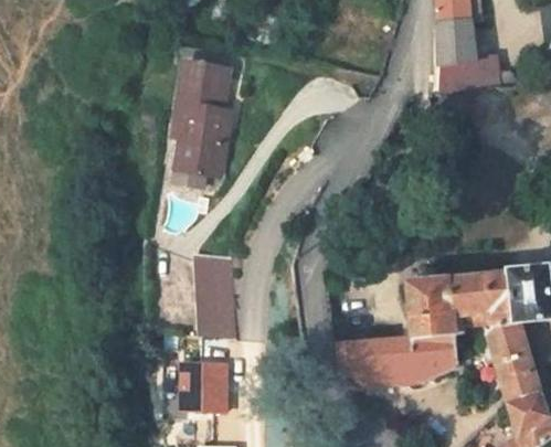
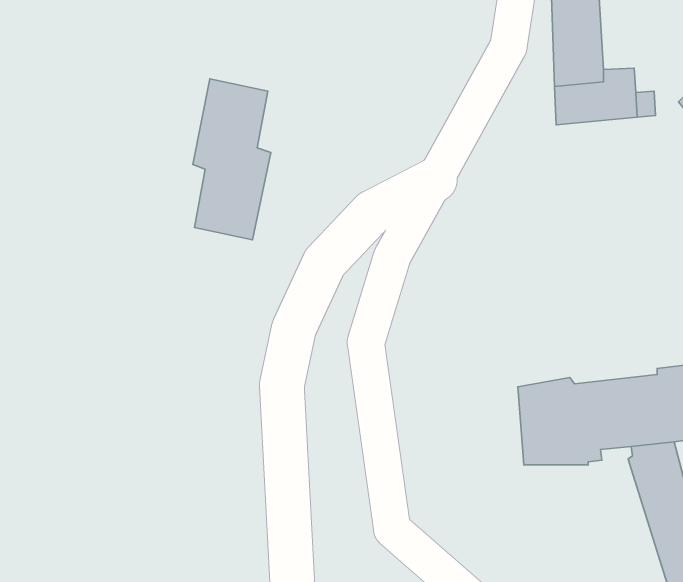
building: [184,246,224,327] -> none
building: [343,339,464,385] -> none
building: [186,360,230,407] -> none

